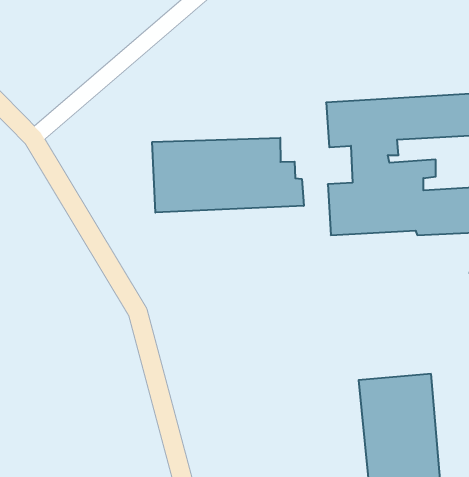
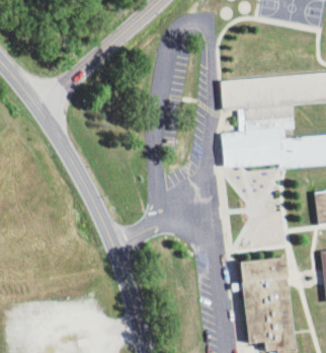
building: [152,138,304,213] -> none

